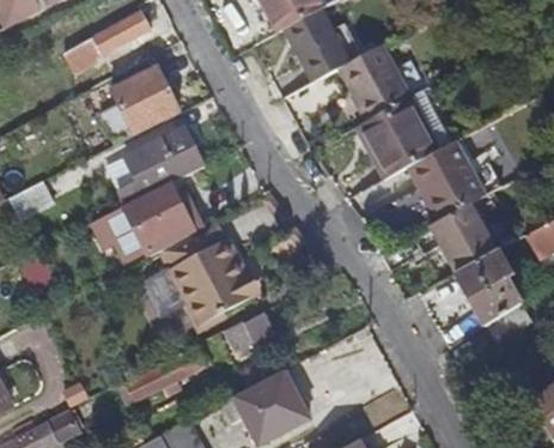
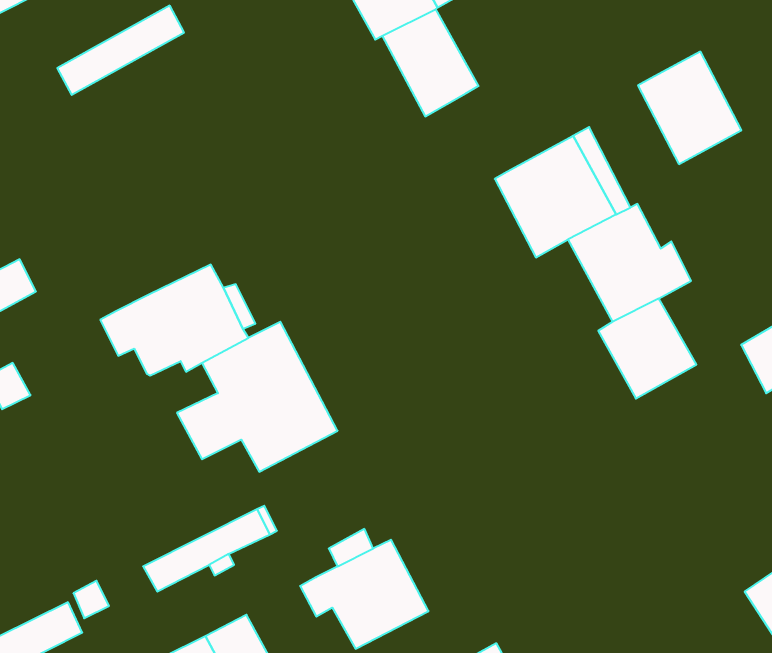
building: [339,46,408,121] -> [638,52,741,164]
building: [110,66,178,133] -> none
building: [118,126,202,204] -> none
building: [452,250,519,326] -> none
building: [227,311,276,355] -> none

